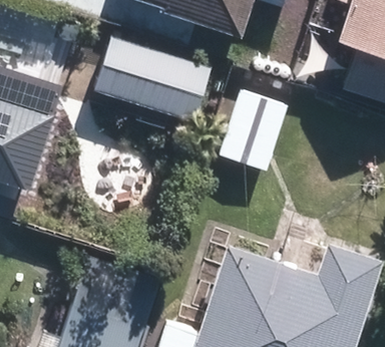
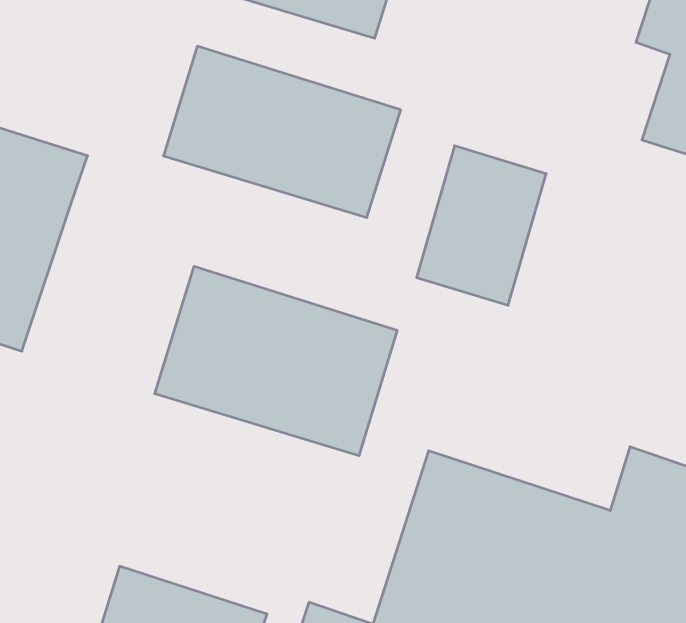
building: none -> [155,266,397,456]

